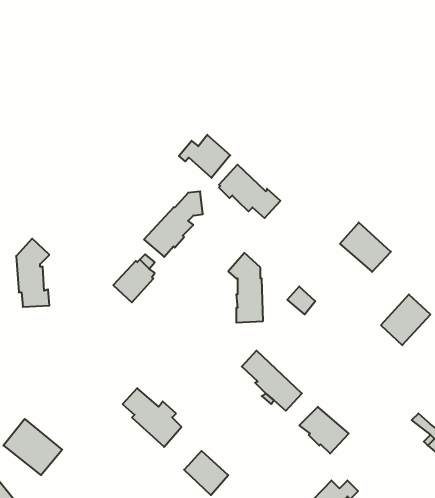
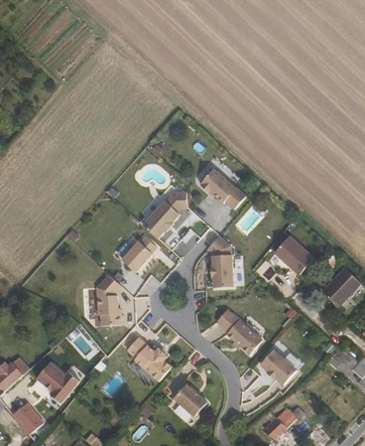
building: [179,135,230,178] -> none
building: [340,222,391,272] -> [272,237,311,274]
building: [16,239,49,307] -> [94,273,119,324]

